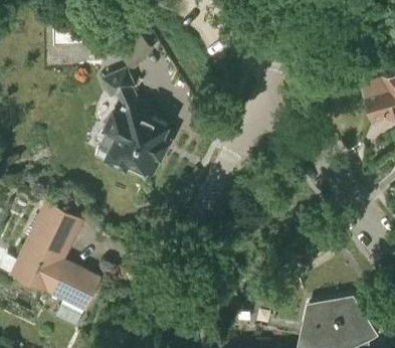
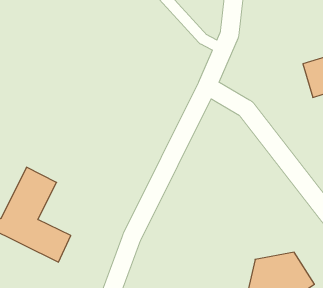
building: [98,73,166,177] -> none

